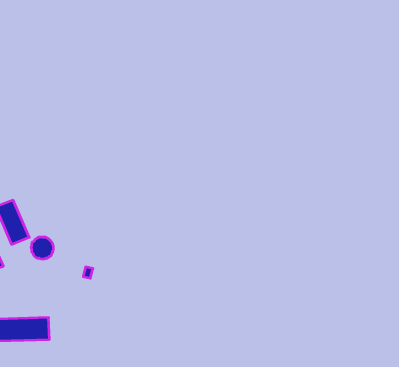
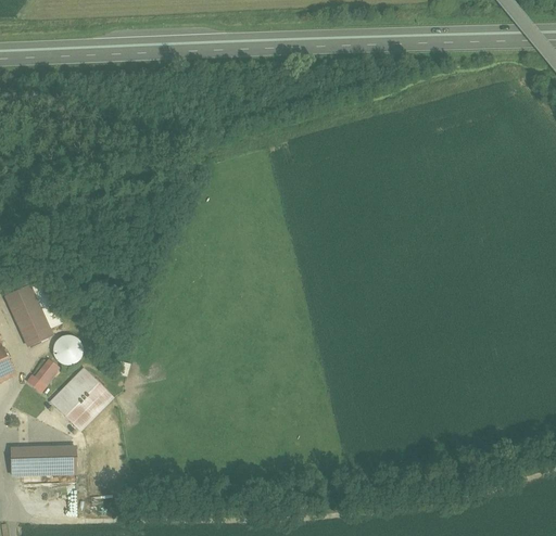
building: none -> [26,357,59,391]
building: none -> [49,368,112,430]

